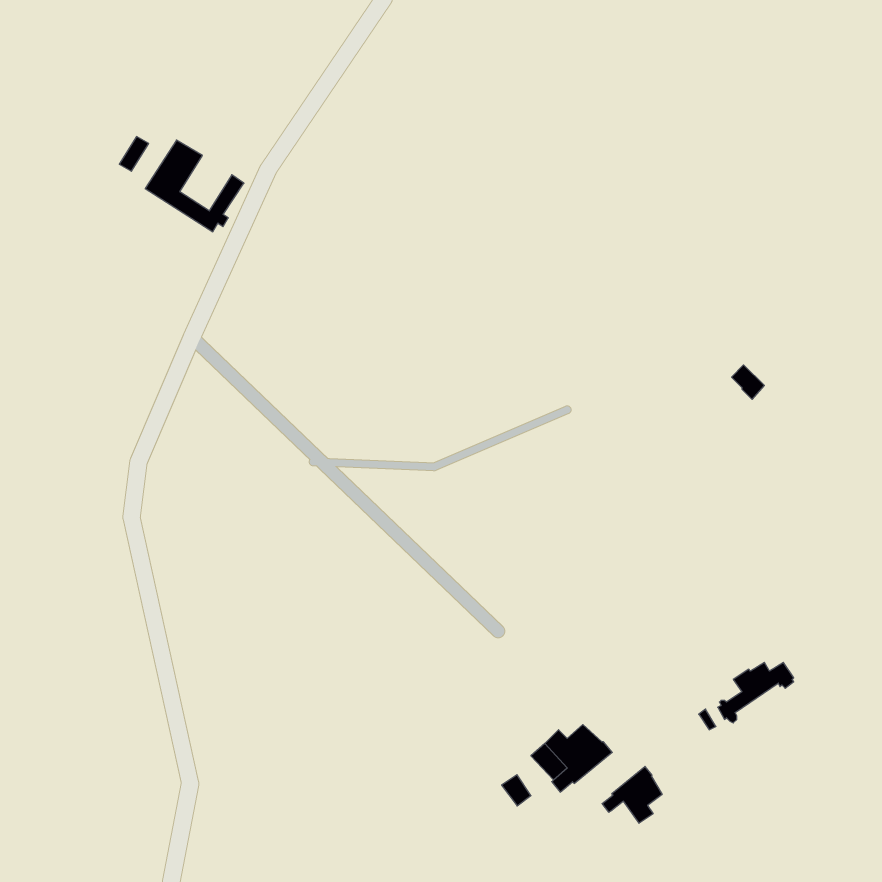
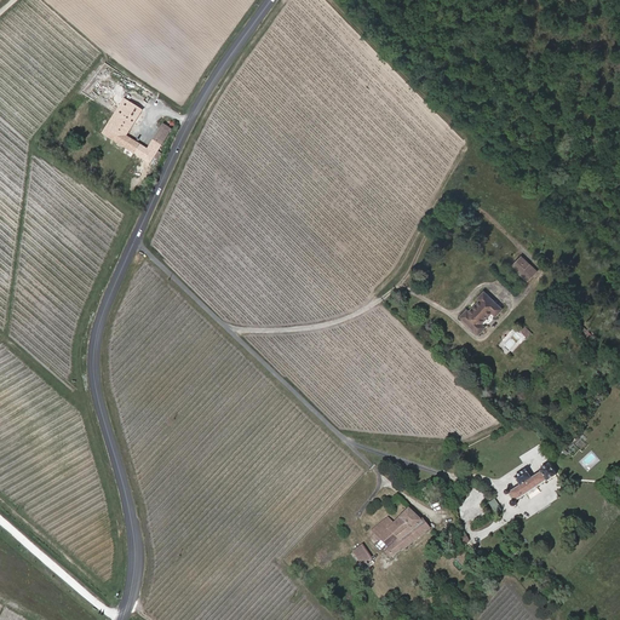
building: none -> [460,291,501,332]
building: [602,766,662,823] -> none

